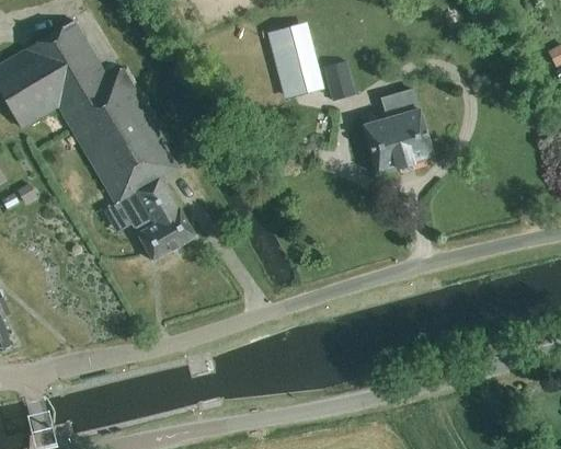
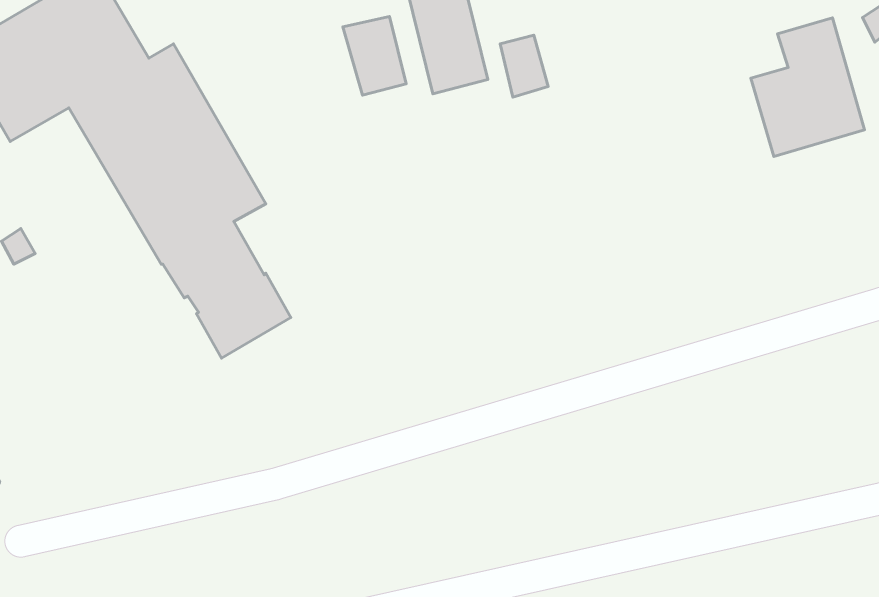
building: none -> [343,16,406,95]
building: [363,89,433,174] -> [751,18,864,156]

